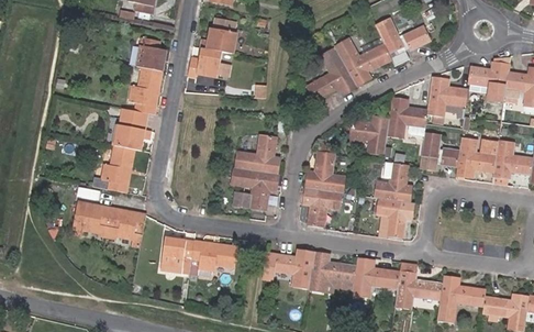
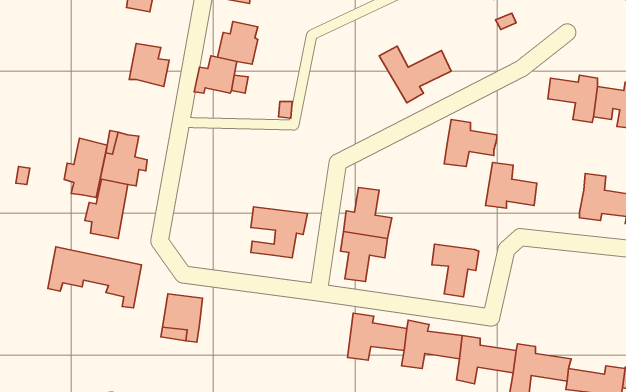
building: [376,19,430,65] -> none
building: [305,47,356,100] -> none
building: [129,66,163,113] -> [64,138,107,198]
building: [427,78,467,115] -> none
building: [349,117,388,154] -> none
building: [234,134,279,173] -> none
building: [457,136,497,175] -> none
building: [374,162,412,201] -> none
building: [191,240,236,270] -> none
building: [264,250,313,287] -> none

